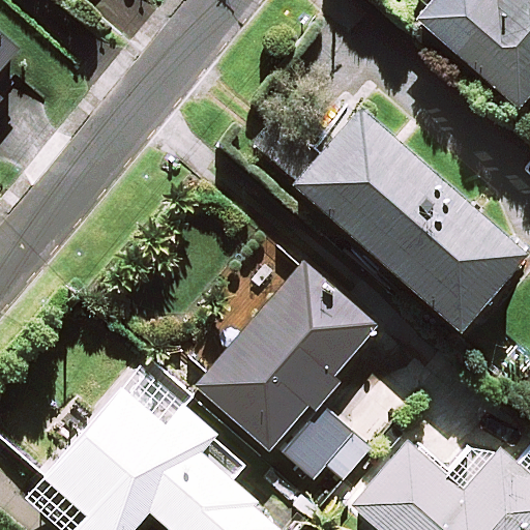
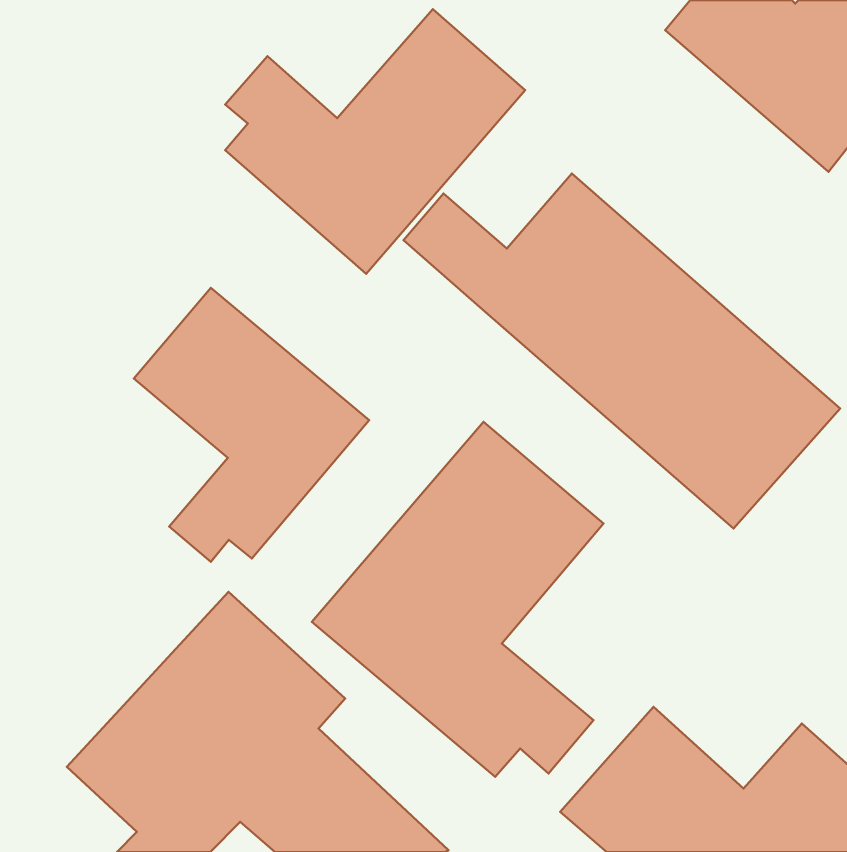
building: none -> [225,9,525,274]
building: none -> [134,288,369,562]

